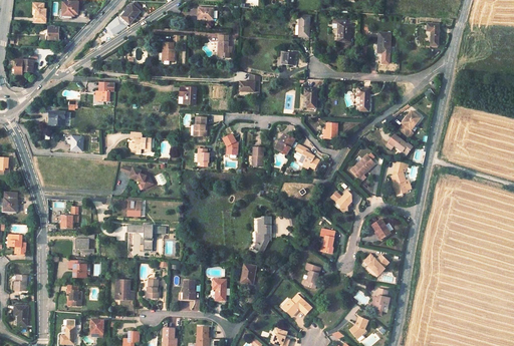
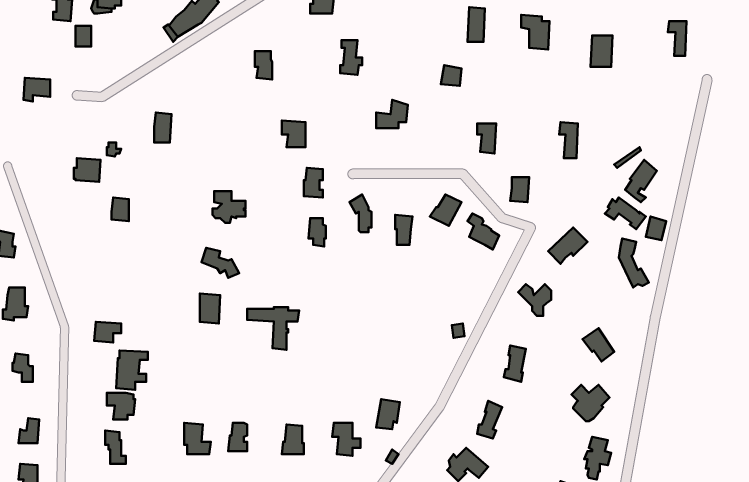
building: [254,217,273,252] -> none
building: [126,224,160,251] -> [247,307,299,350]

